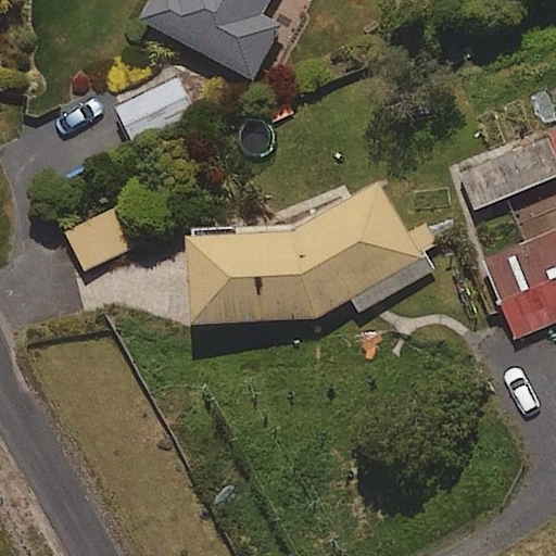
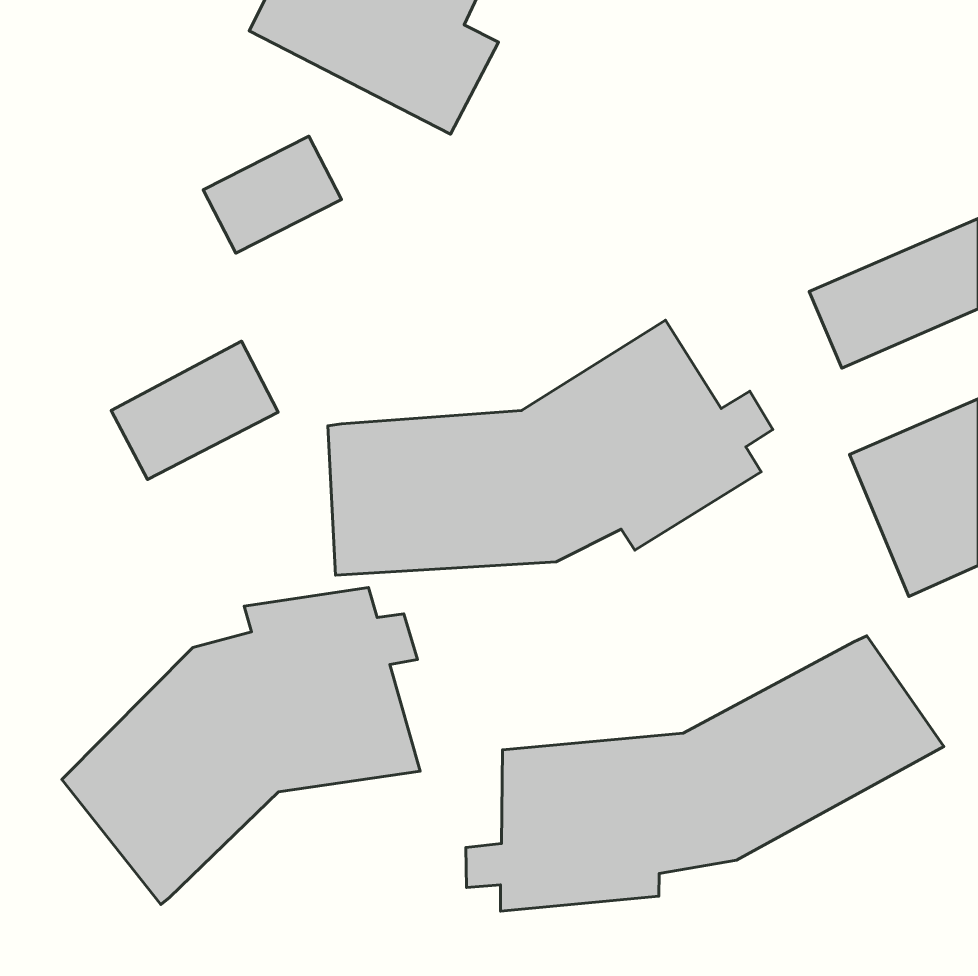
building: none -> [62,587,420,905]
building: none -> [466,636,944,911]

